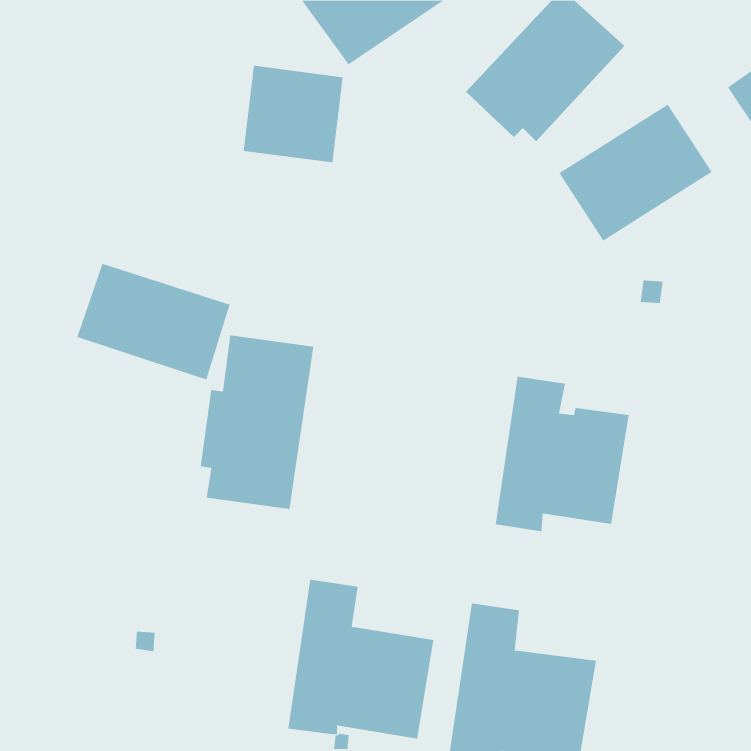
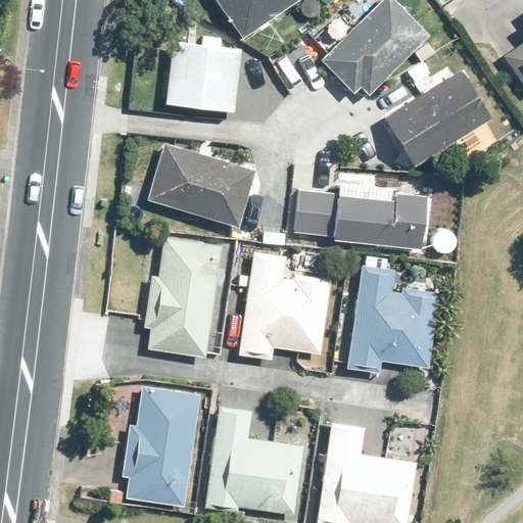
building: none -> [293,178,427,250]
building: [77,263,231,380] -> [152,150,258,231]
building: none -> [237,249,331,359]
building: none -> [121,384,199,506]

